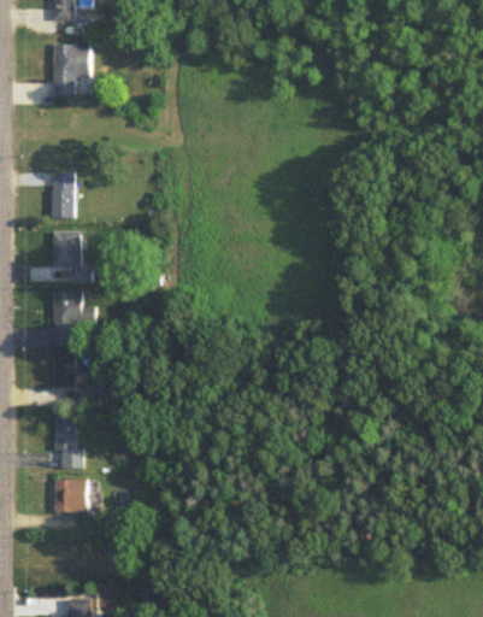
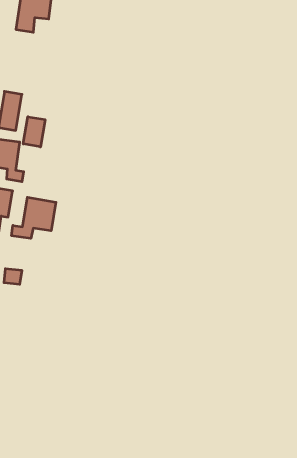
building: none -> [23,117,45,147]
building: none -> [12,197,56,238]

